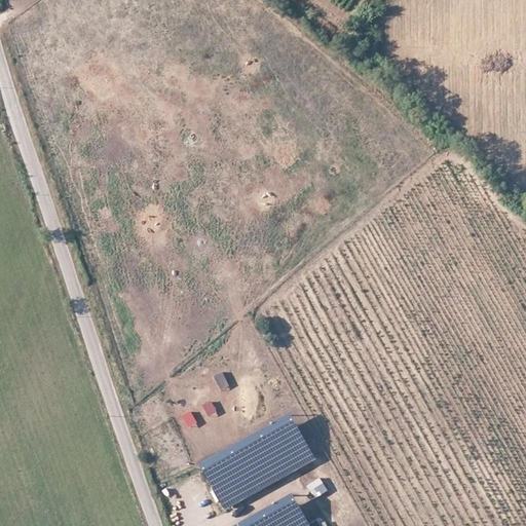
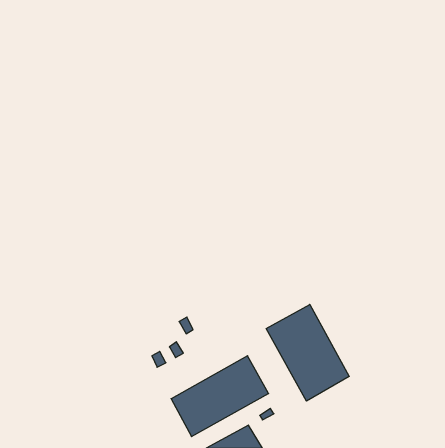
building: none -> [266,304,349,401]

